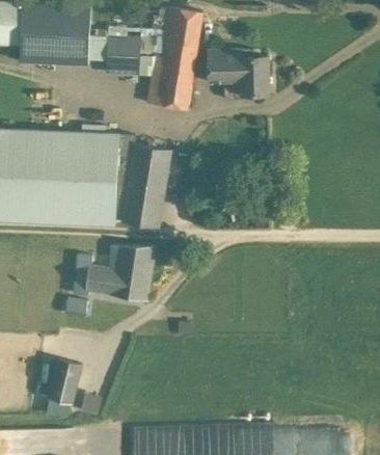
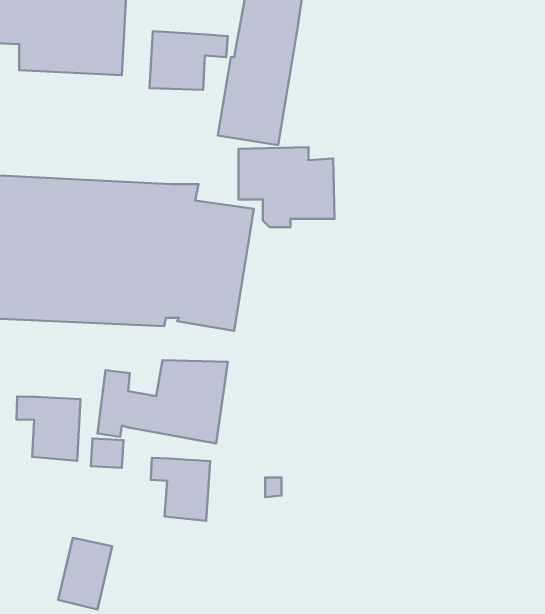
building: [208,49,269,100] -> [239,147,335,227]
building: none -> [16,396,80,461]
building: none -> [151,458,210,521]

